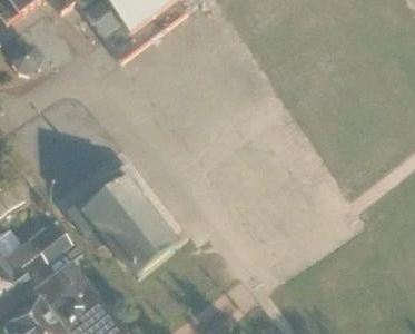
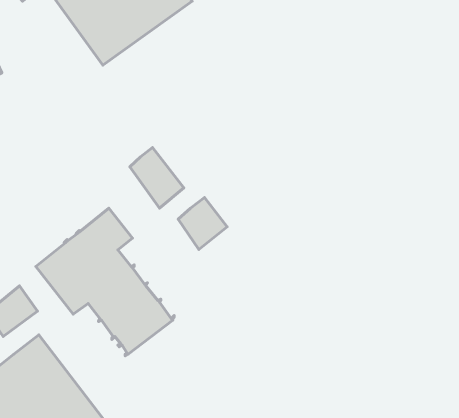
building: none -> [130,148,184,208]
building: none -> [178,198,227,250]

